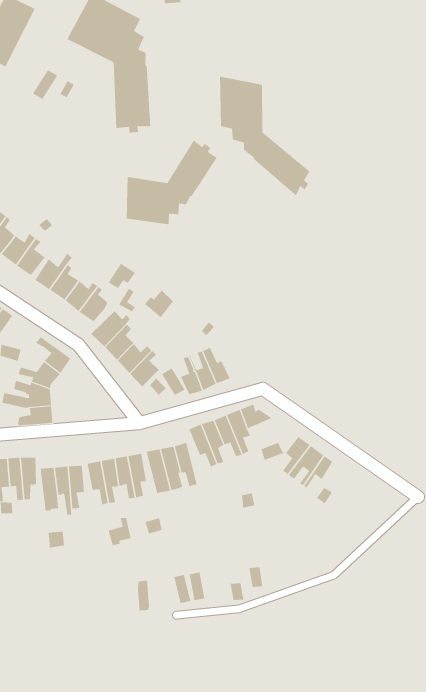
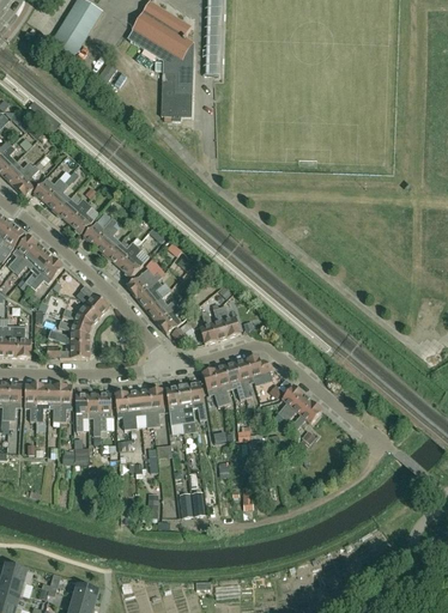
building: [219,76,310,197] -> none
building: [126,139,217,225] -> none

